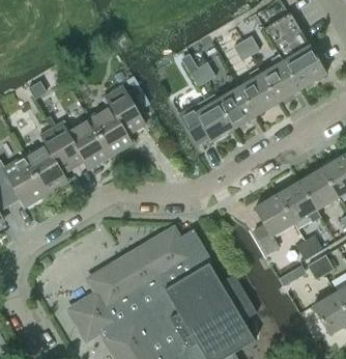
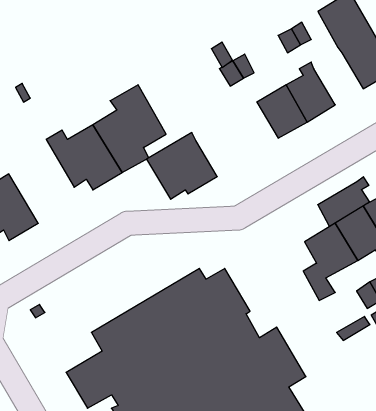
building: [262,57,300,102] -> none
building: [179,93,234,145] -> [147,133,217,199]
building: [25,129,76,194] -> none
building: none -> [318,177,370,226]

